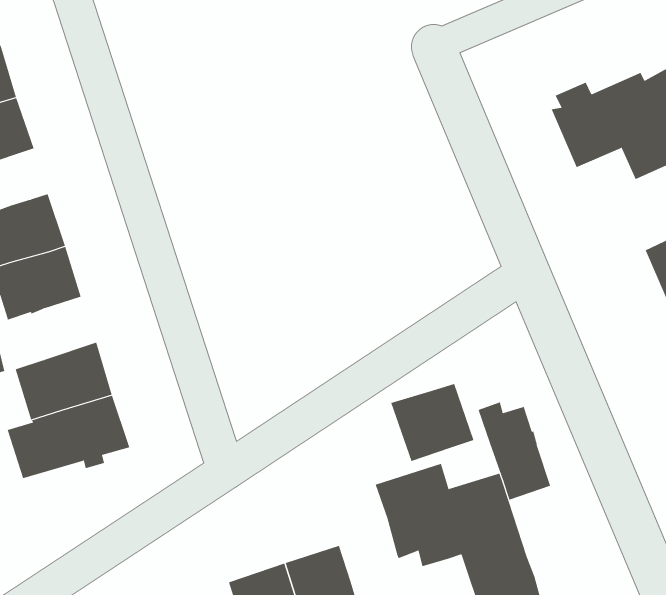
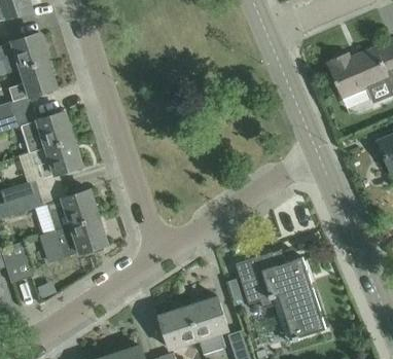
building: [391,383,474,462] -> none
building: [478,401,551,500] -> none

